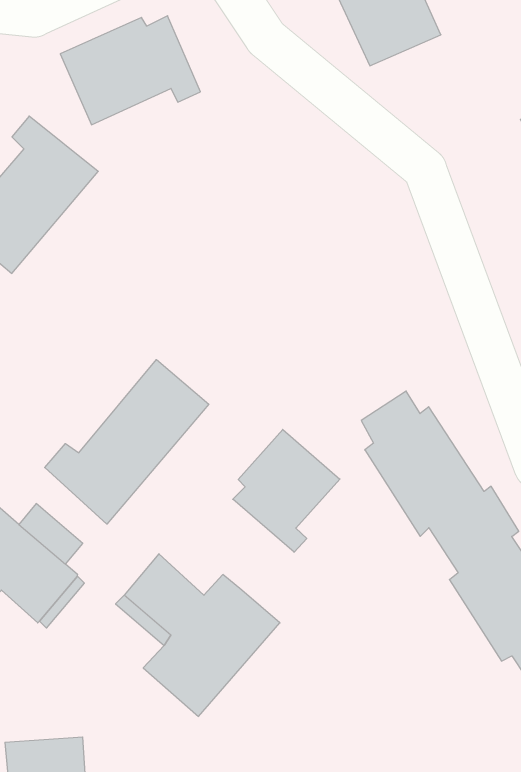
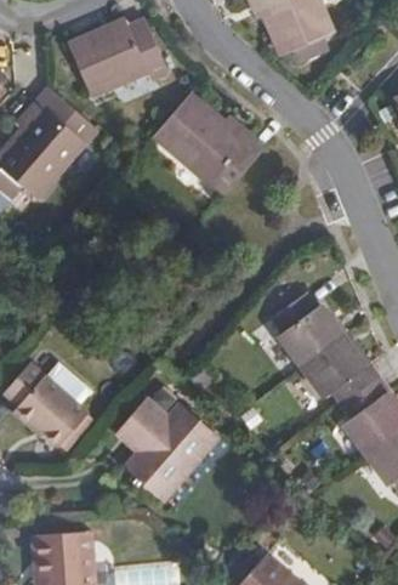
building: none -> [159,98,274,203]
building: [45,360,209,524] -> none
building: [233,429,340,552] -> none

